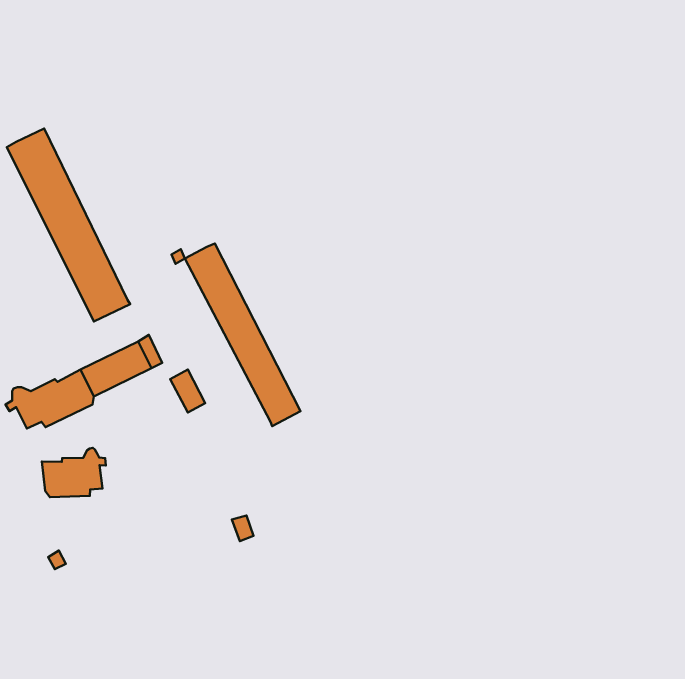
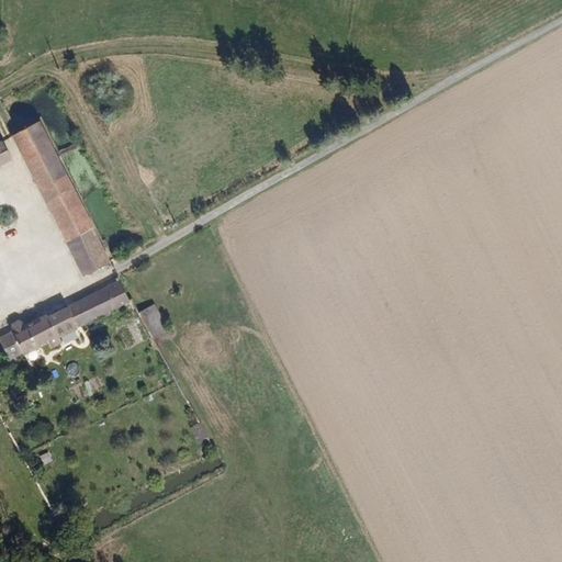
building: [185,243,301,426] -> none
building: [42,448,106,497] -> none

